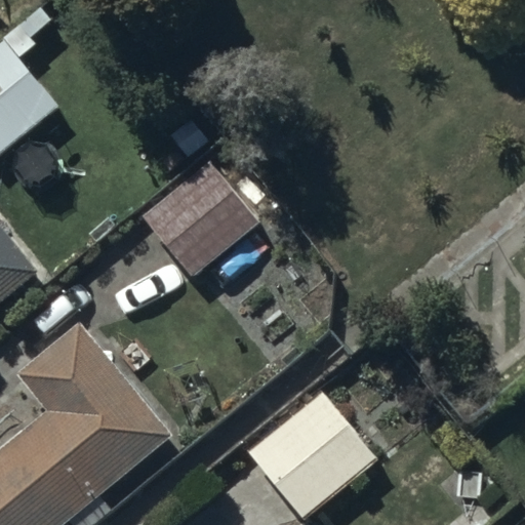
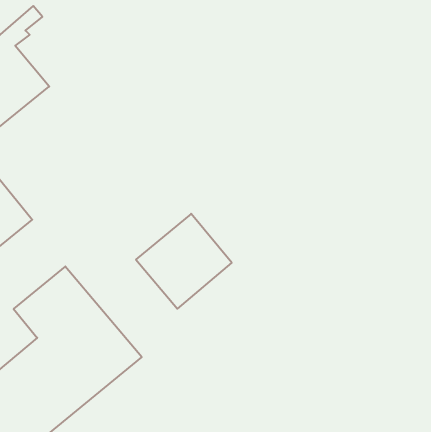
building: [142,163,257,278] -> [136,214,232,309]
building: [247,392,377,520] -> none

